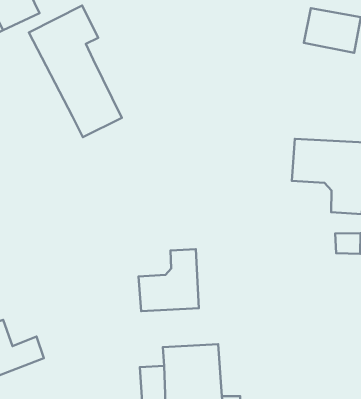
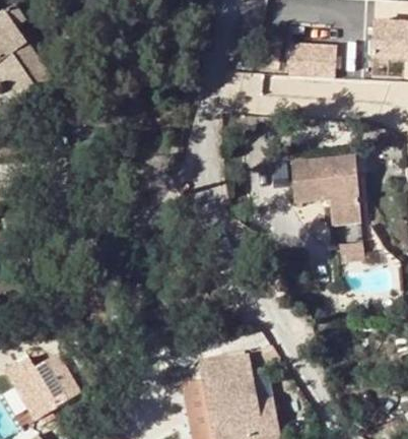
building: [29,6,122,137] -> none
building: [138,249,199,311] -> none

